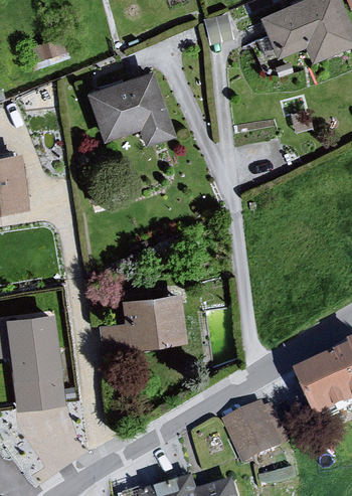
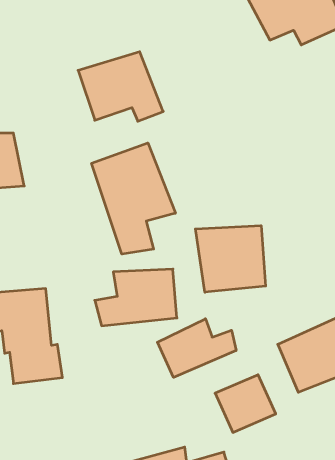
building: none -> [92,143,175,254]
building: none -> [195,226,266,292]
building: none -> [157,319,236,377]

